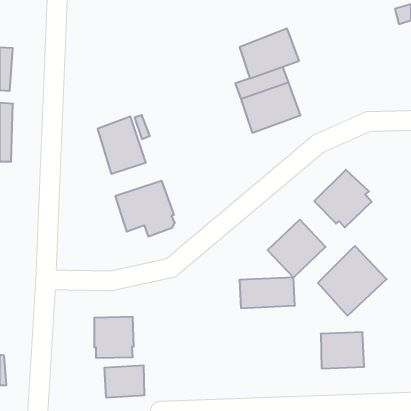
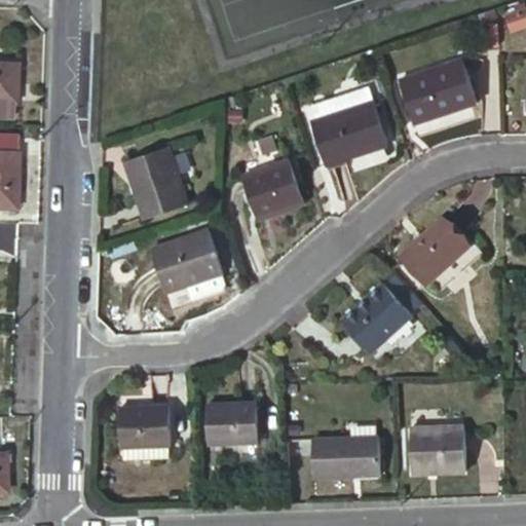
building: [240,29,299,78] -> [401,61,477,124]
building: none -> [238,160,300,222]
building: [318,246,387,316] -> none
building: [239,277,295,308] -> [313,437,384,476]
building: [104,365,145,398] -> [208,401,259,442]

